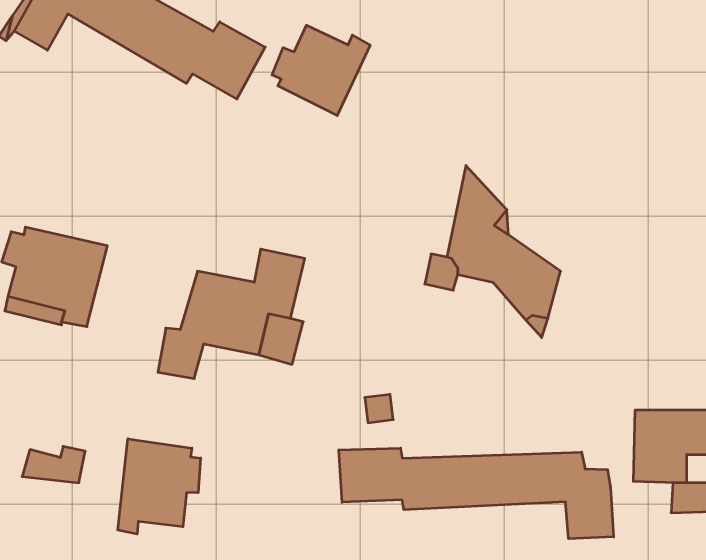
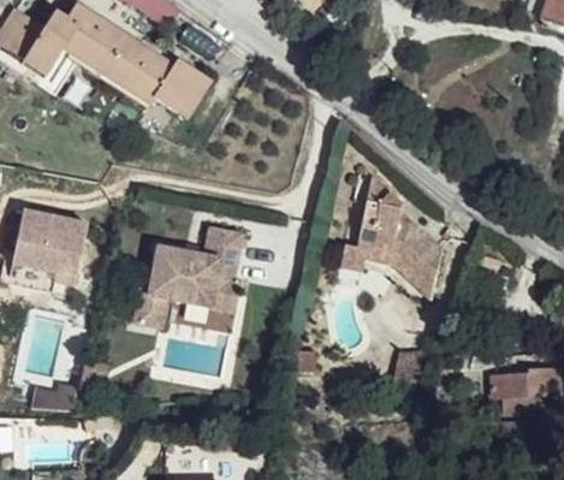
building: [272,25,370,116] -> none
building: [118,439,201,534] -> none
building: [339,448,614,539] -> none

